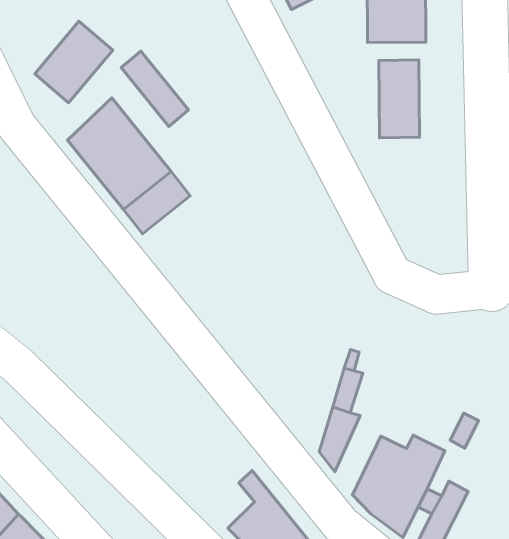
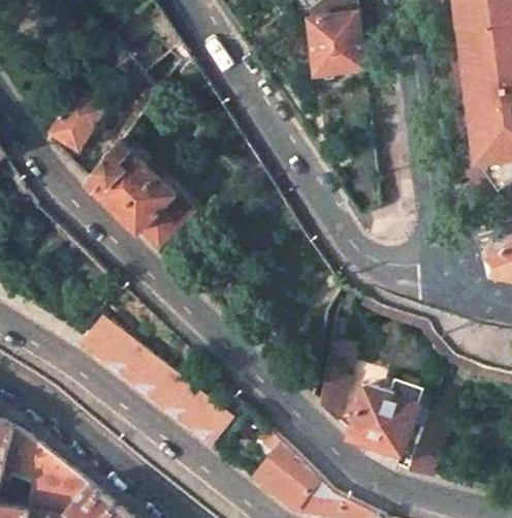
building: [121,51,188,126] -> none
building: [379,60,419,138] -> none
building: none -> [82,318,231,445]

